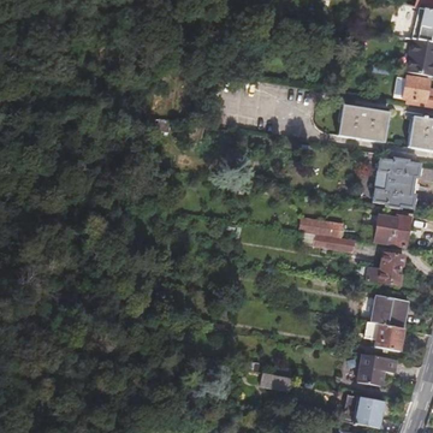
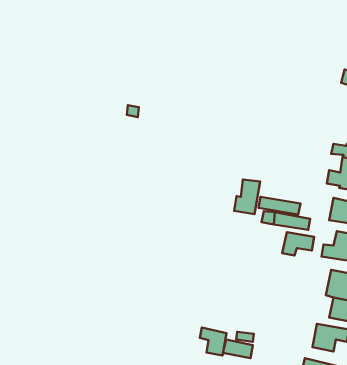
building: [332,105,384,142] -> none
building: none -> [234,179,260,214]
building: none -> [282,232,314,256]
building: none -> [200,327,226,356]

